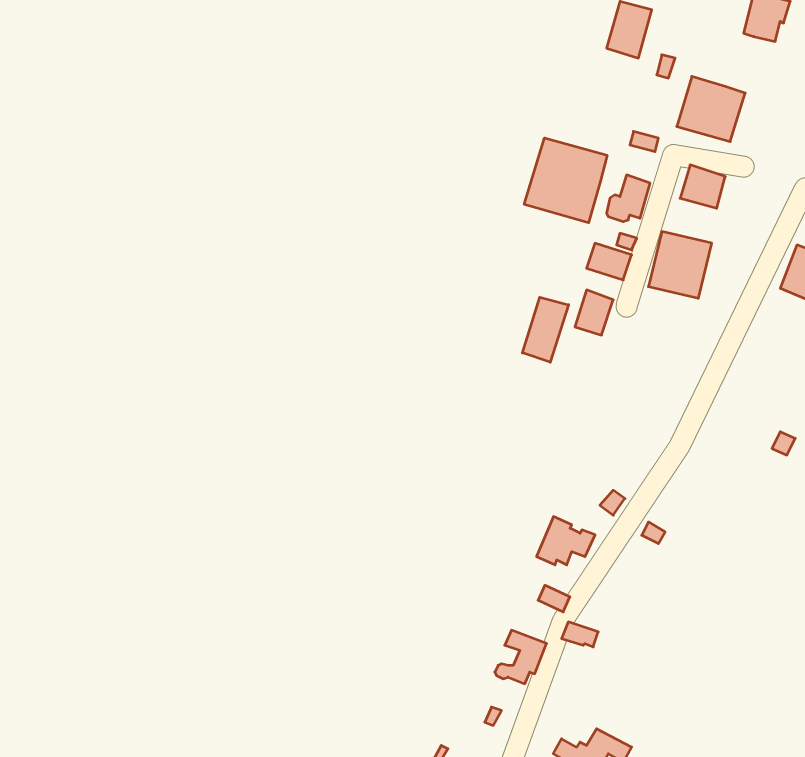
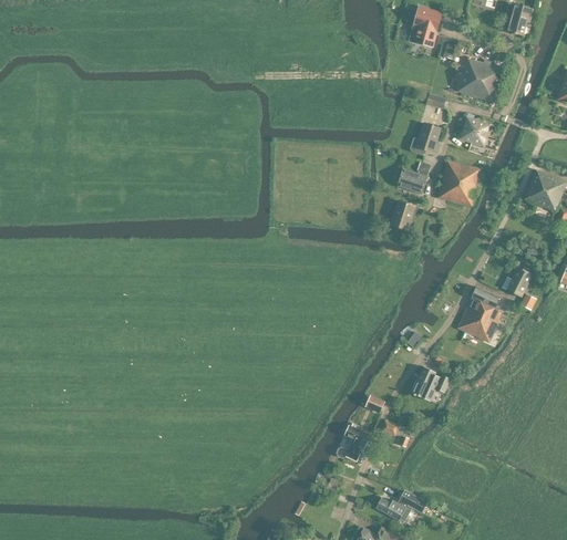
building: [524,138,607,223] -> none
building: [522,297,569,362] -> none
building: none -> [505,266,533,297]
building: none -> [457,287,502,342]
building: [537,517,595,565] -> [411,365,450,397]

